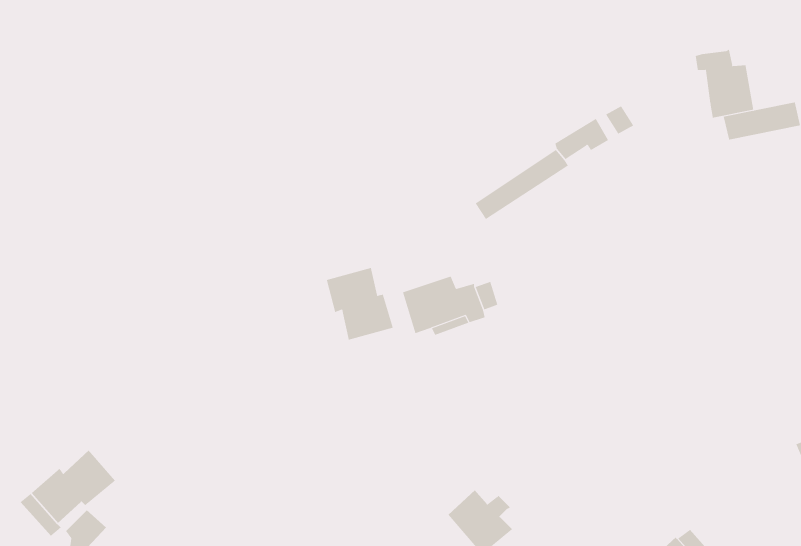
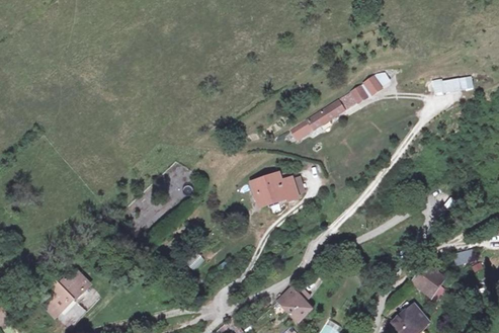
building: [695,49,754,119] -> none
building: [326,267,394,340] -> none
building: none -> [411,269,443,302]

